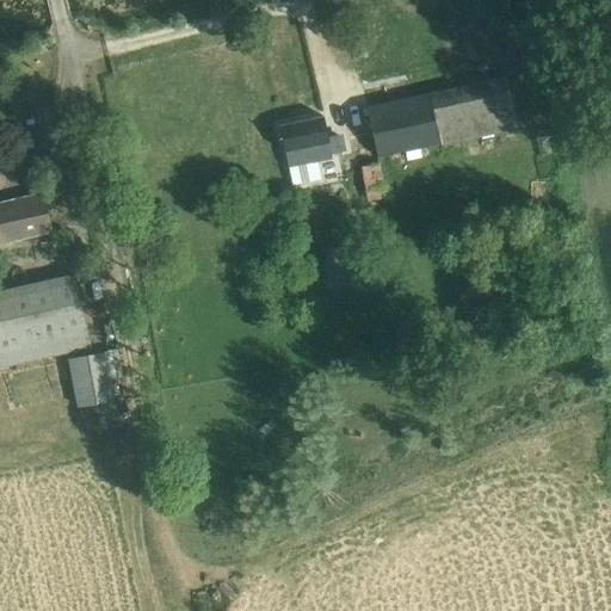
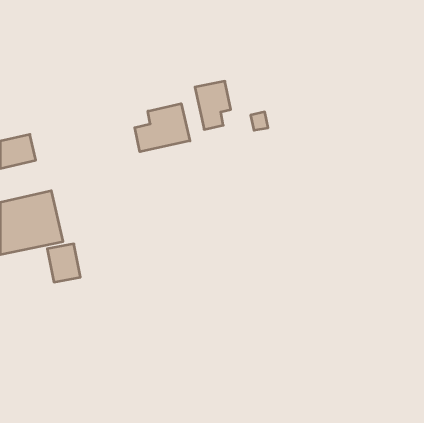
building: [366,76,517,156] -> none
building: none -> [135,104,190,152]

